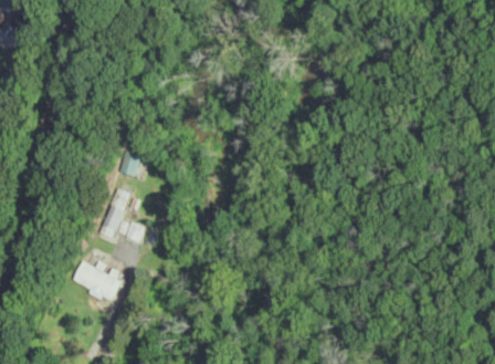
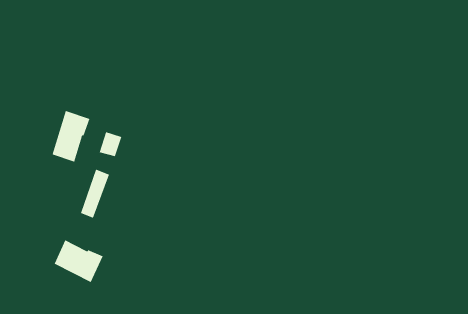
building: none -> [52,110,90,163]

